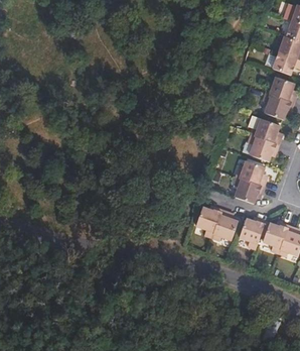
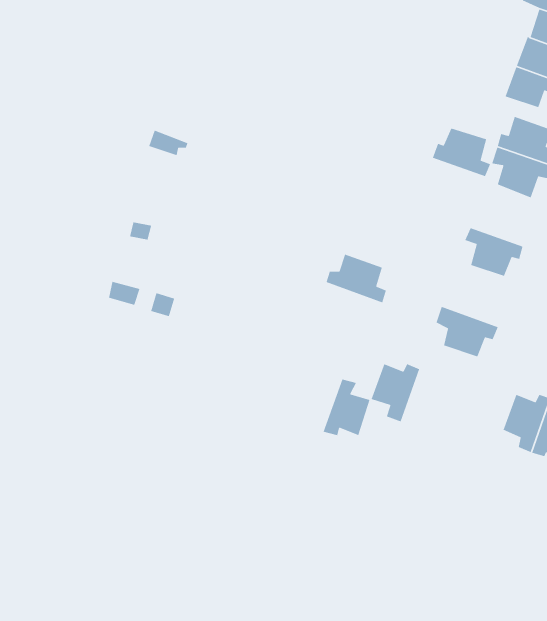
building: [248,117,279,143] -> [432,127,491,177]
building: [233,159,265,186] -> [325,254,387,303]
building: [211,208,237,238] -> [323,379,370,436]
building: [240,216,266,246] -> none

